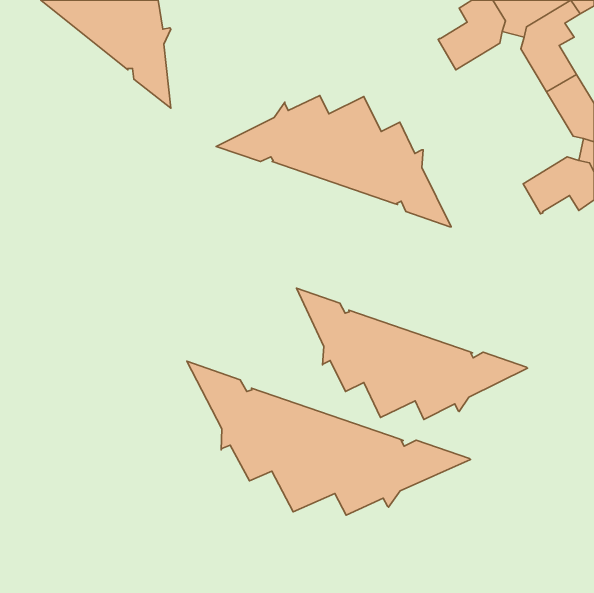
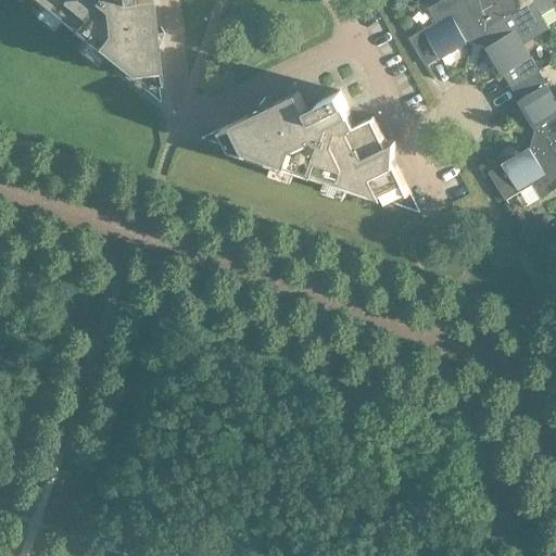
building: [296,288,527,419] -> none
building: [187,361,471,515] -> none

